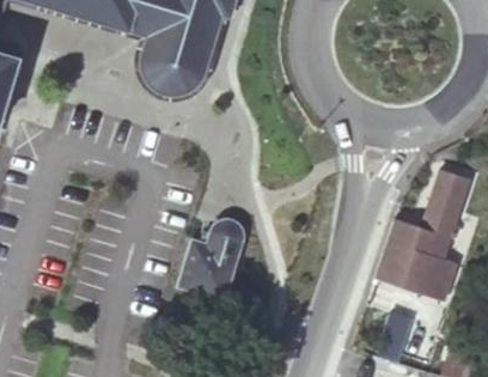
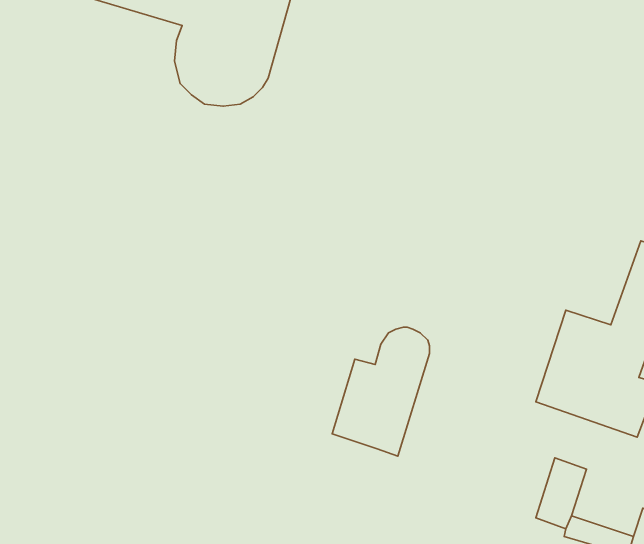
building: [182,218,244,300] -> [332,327,430,456]

